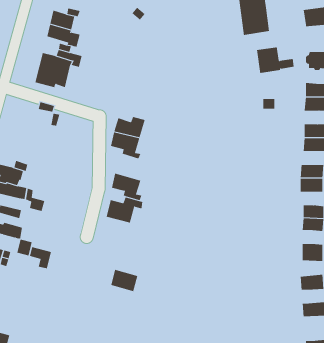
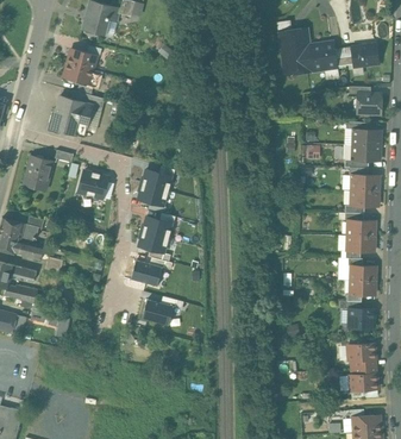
building: [256,47,295,73] -> [309,42,352,71]
building: none -> [23,155,52,190]
building: none -> [75,169,113,201]
building: none -> [139,213,175,238]
building: [110,269,138,292] -> [142,300,173,325]

